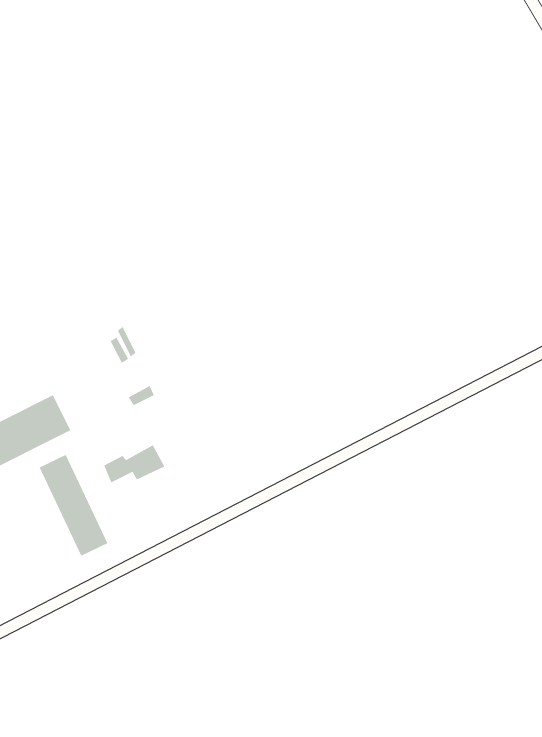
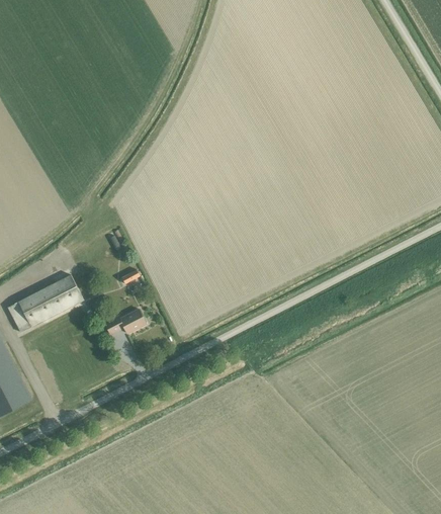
building: [39,454,109,557] -> none

